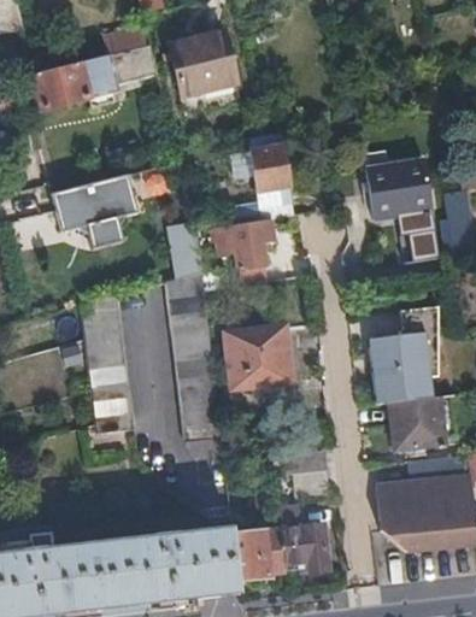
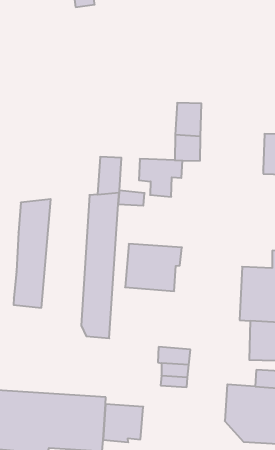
building: [169,31,236,99] -> none
building: [33,43,158,107] -> none
building: [53,171,139,246] -> none
building: [275,510,322,571] -> none

